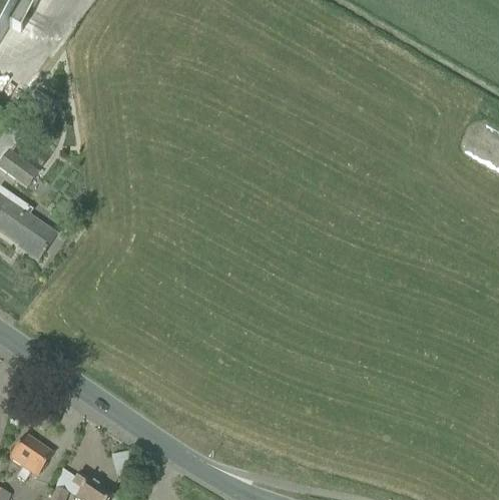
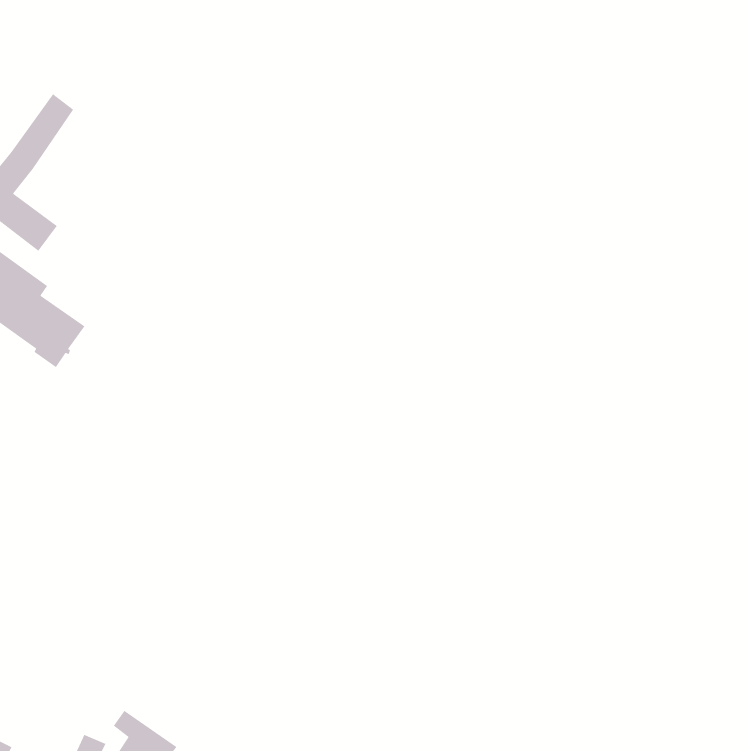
building: [10,433,52,481] -> none

